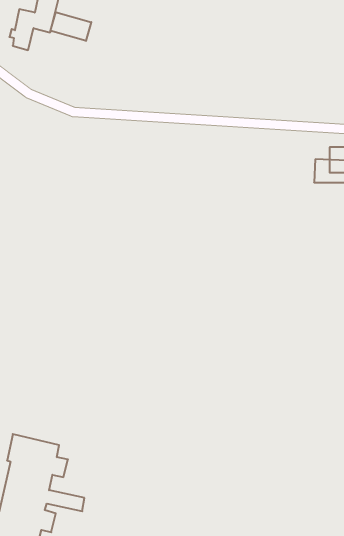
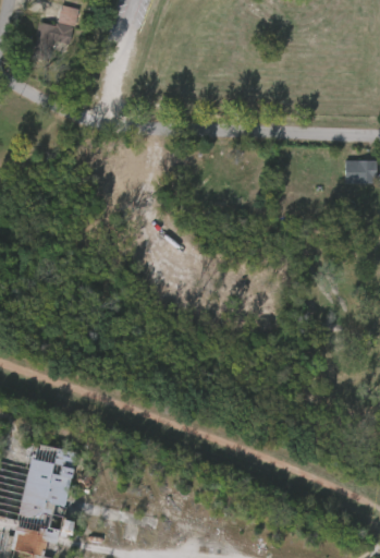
building: [51,12,91,41] -> none

